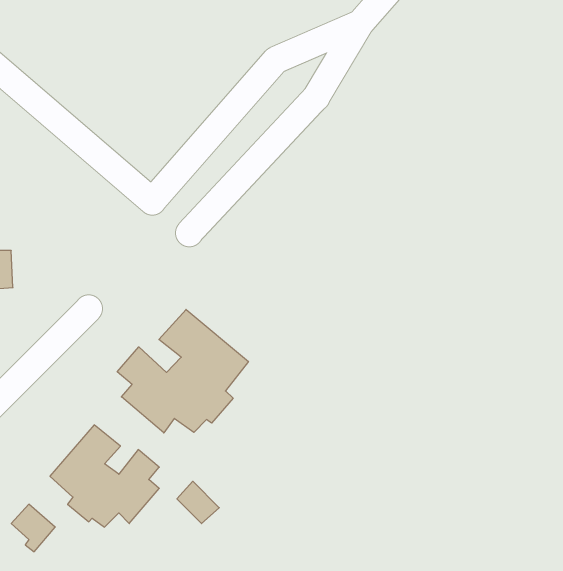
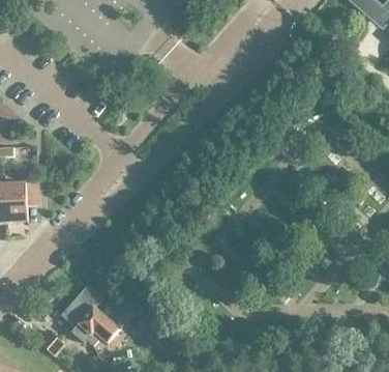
building: [117,309,248,433] -> none

